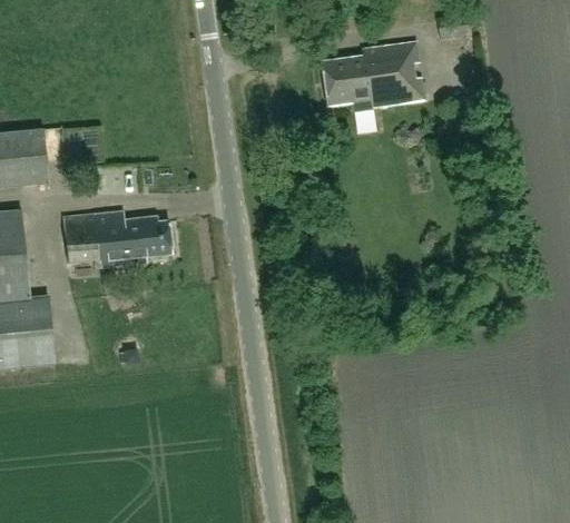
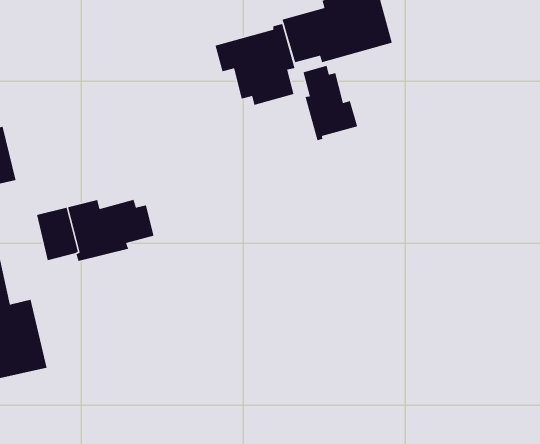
building: none -> [214,23,296,106]
building: none -> [303,65,358,141]

